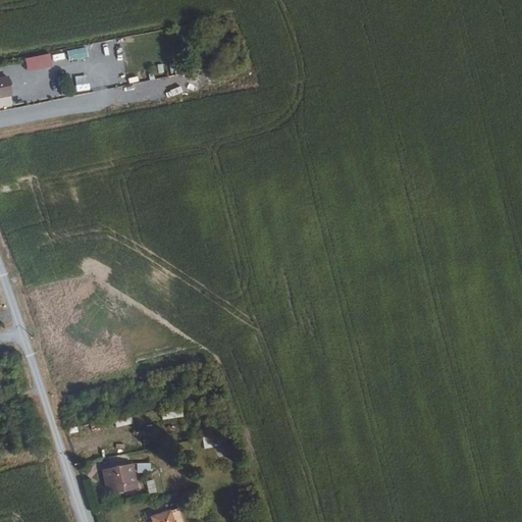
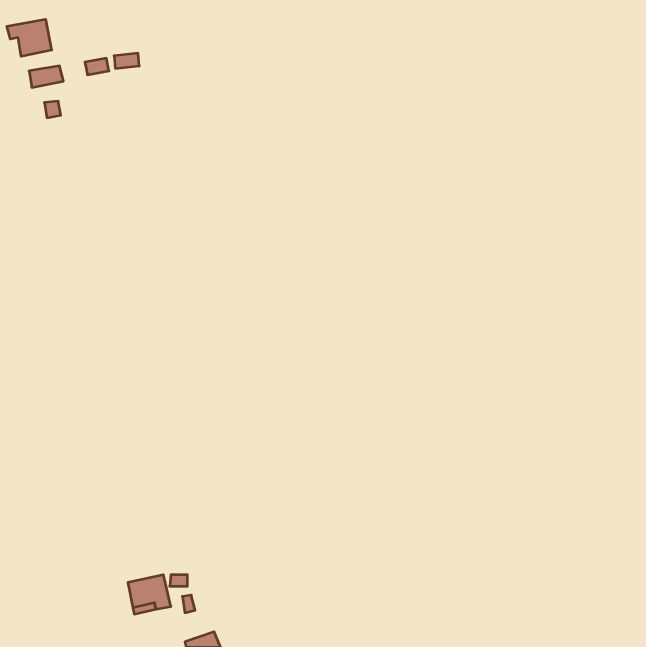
building: none -> [7,19,52,56]

